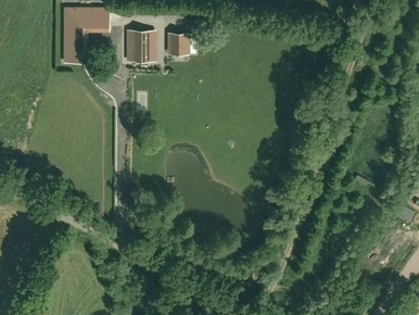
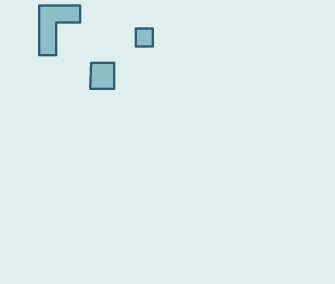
building: [128,32,154,60] -> [90,63,114,89]

